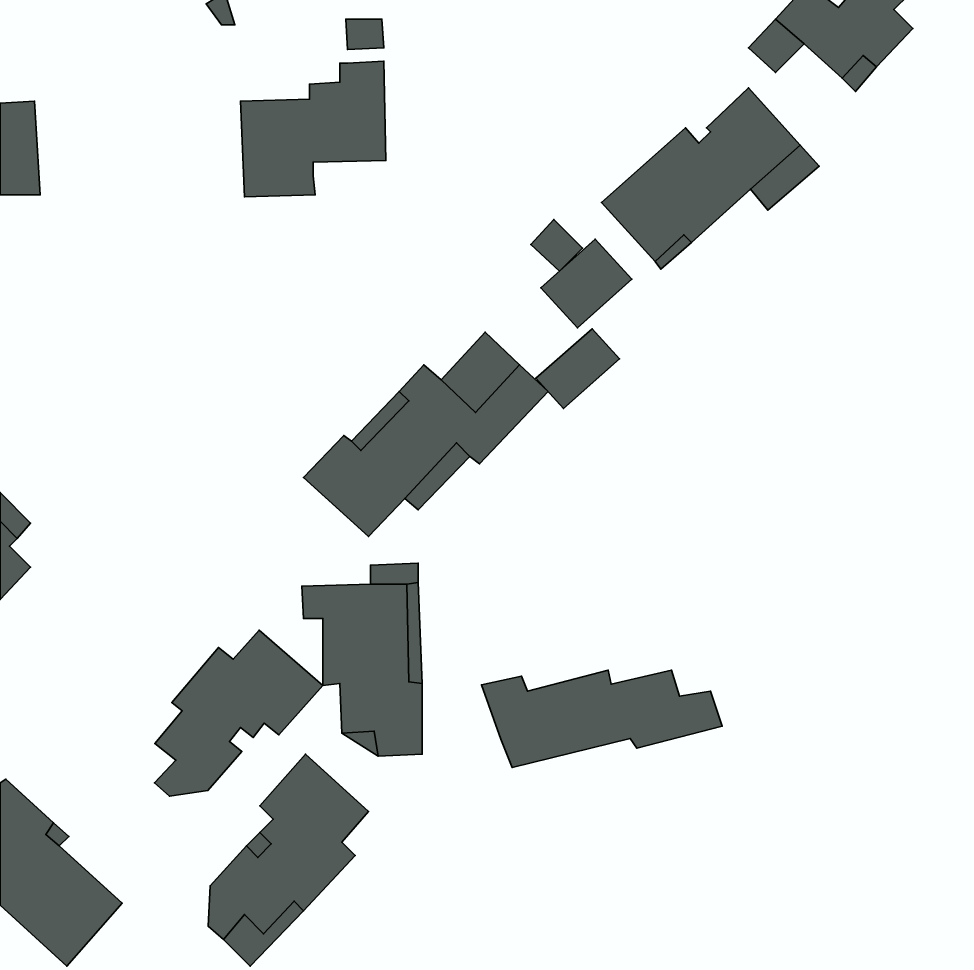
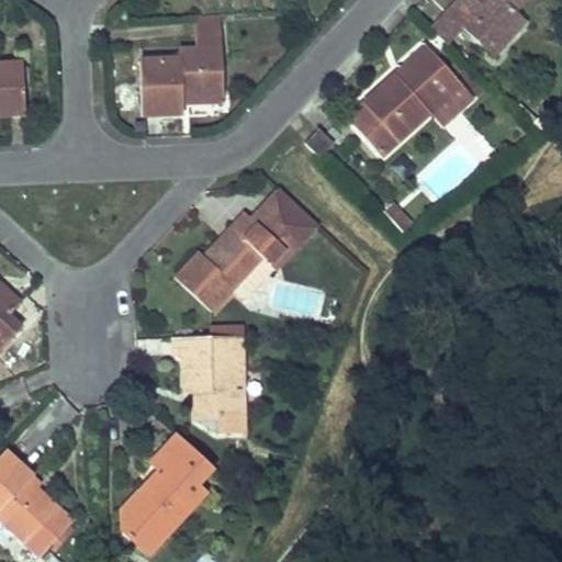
building: [541,239,632,328] -> none
building: [536,329,620,408] -> none
building: [155,630,323,796] -> none
building: [482,670,722,767] -> none

